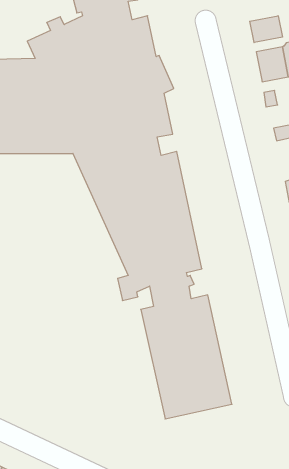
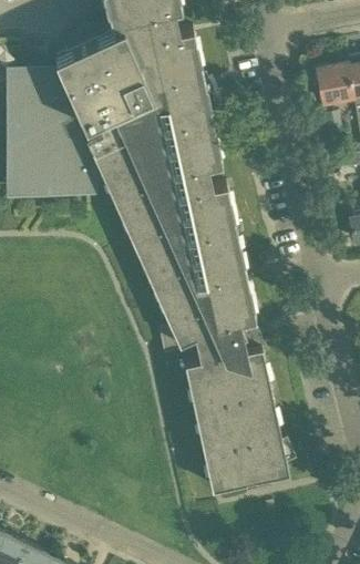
building: [250,16,282,43] -> none

